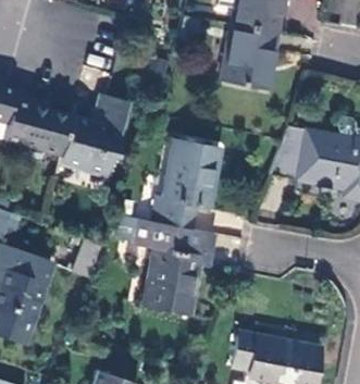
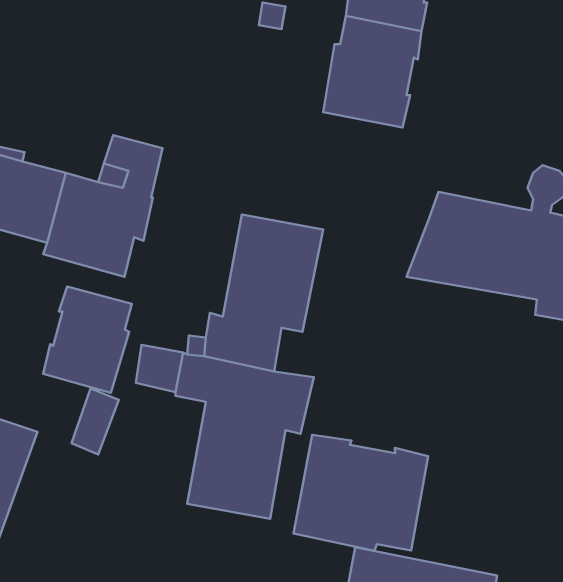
building: none -> [43,286,132,393]
building: none -> [294,435,428,551]

